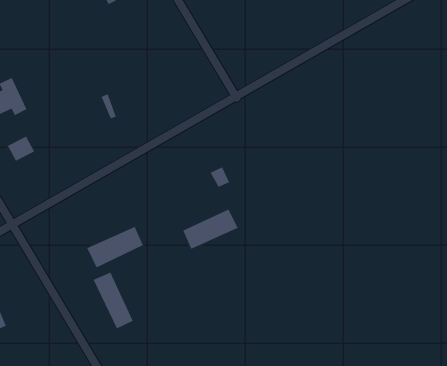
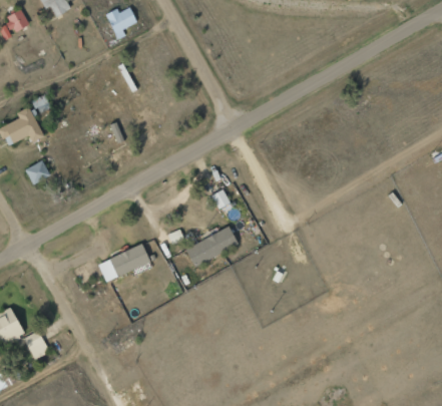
building: [93,272,134,330] -> none
building: none -> [24,331,48,359]

